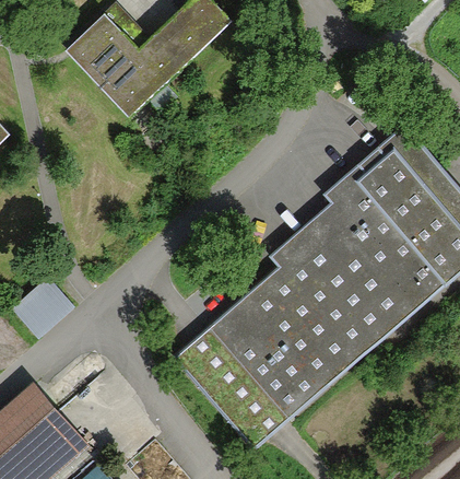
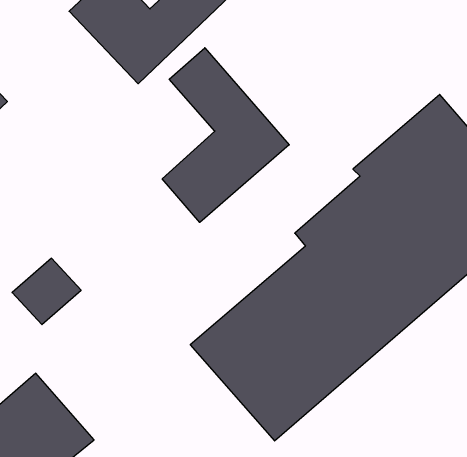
building: none -> [162,48,289,222]

